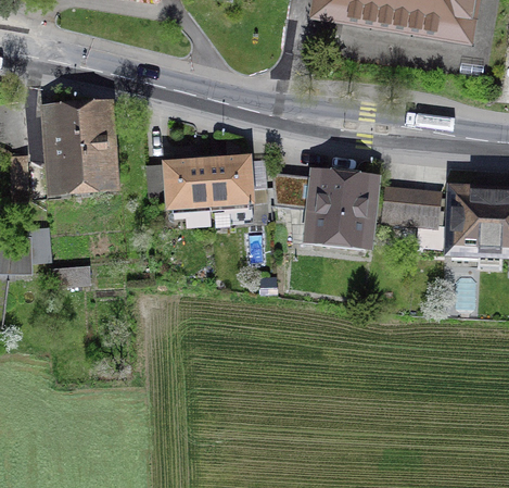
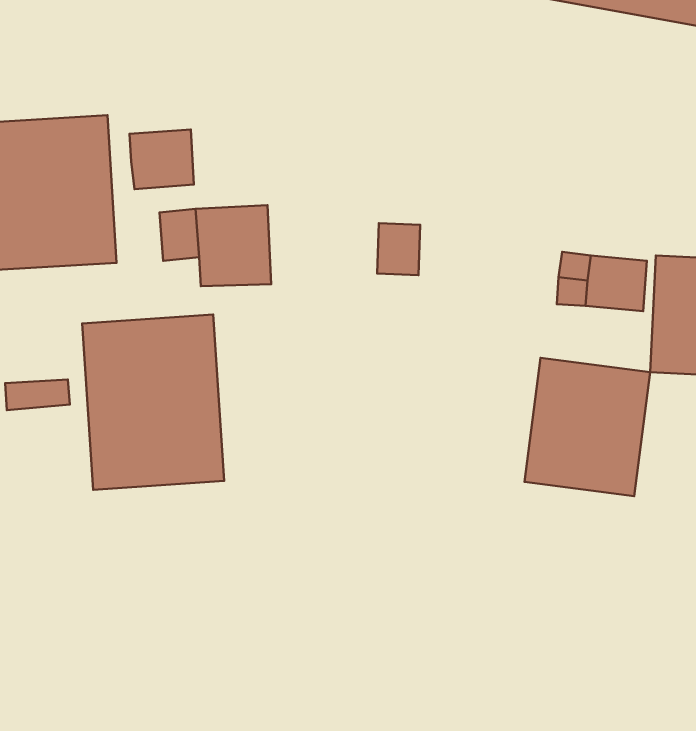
building: none -> [130,129,194,189]
building: [211,154,255,204] -> none
building: [300,163,376,247] -> [524,358,650,496]
building: none -> [82,314,224,490]

